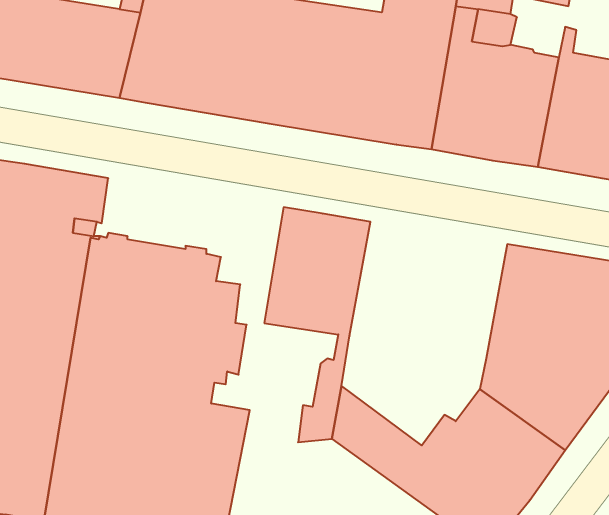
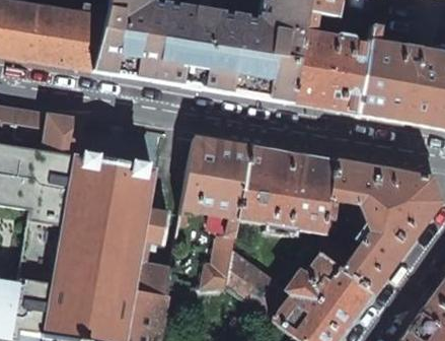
building: none -> [236,147,336,235]

